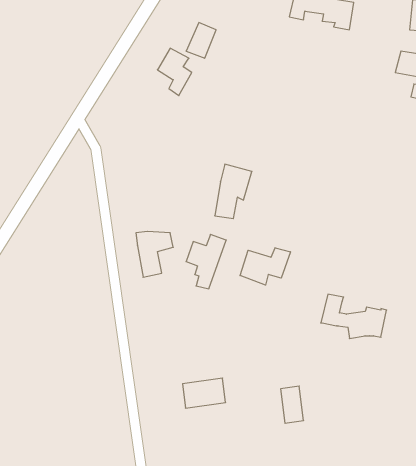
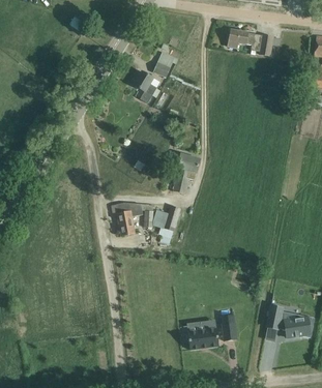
building: [240,248,290,285] -> none
building: [321,294,387,339] -> [266,306,314,338]
building: [183,378,226,408] -> [187,328,218,350]

